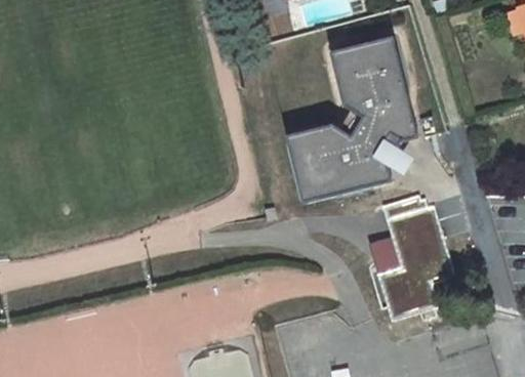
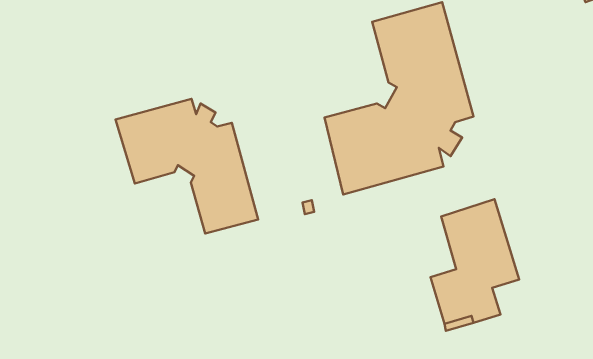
building: none -> [115,99,258,234]

